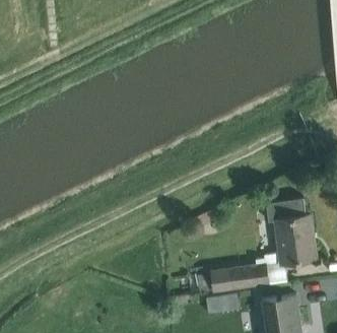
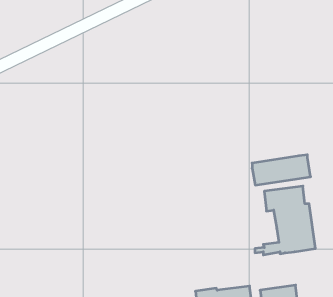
building: [211,262,268,291] -> [252,155,311,185]

